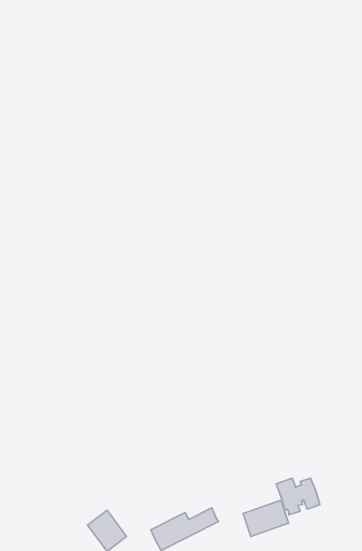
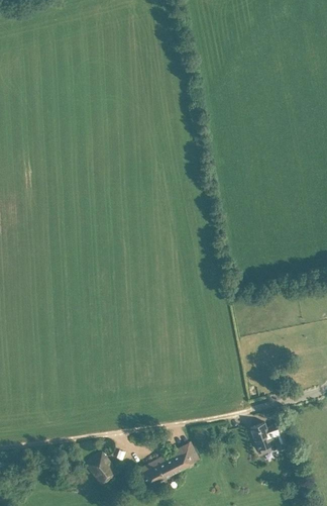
building: [243,500,289,536] -> none

